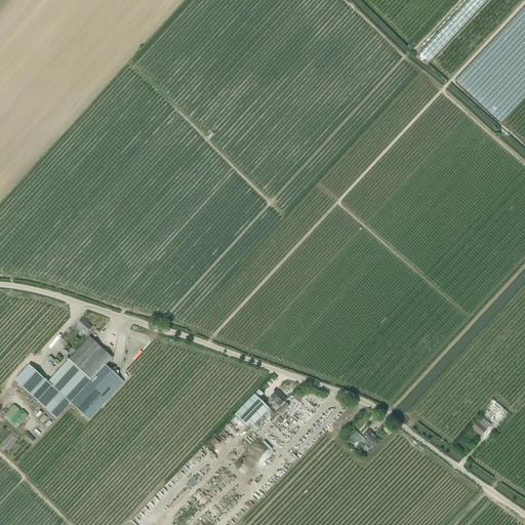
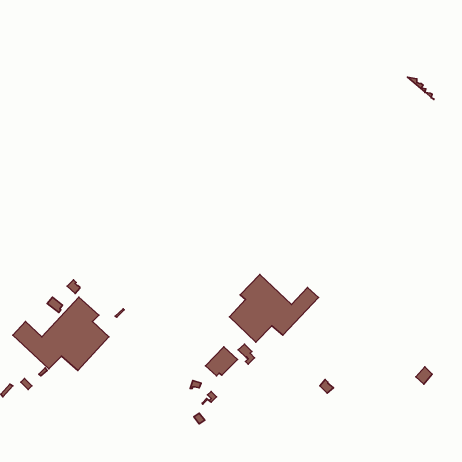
building: none -> [229,275,318,342]

